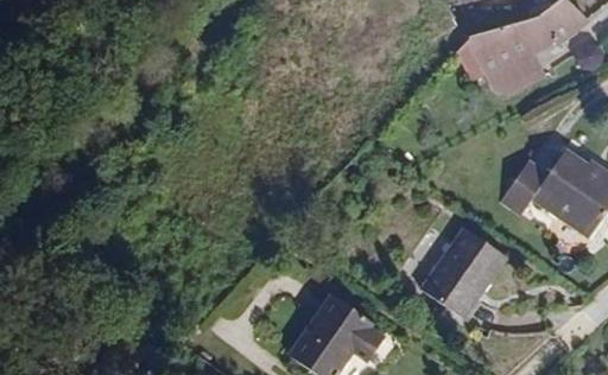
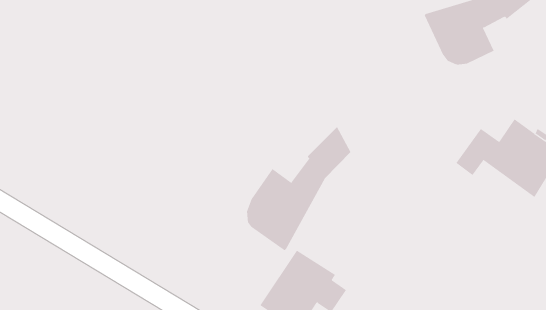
building: none -> [246,126,351,251]
building: [422,229,505,318] -> none

